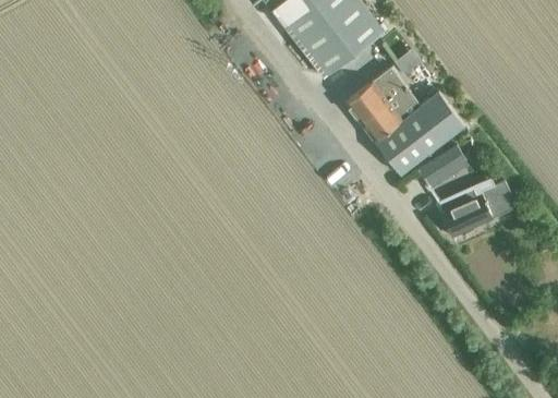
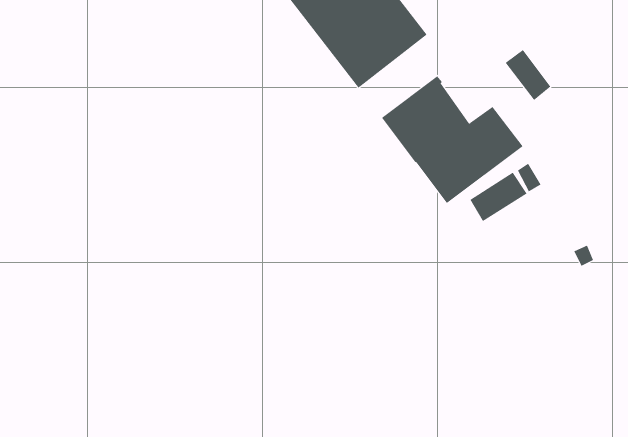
building: none -> [505,49,551,101]
building: [440,181,520,237] -> none

